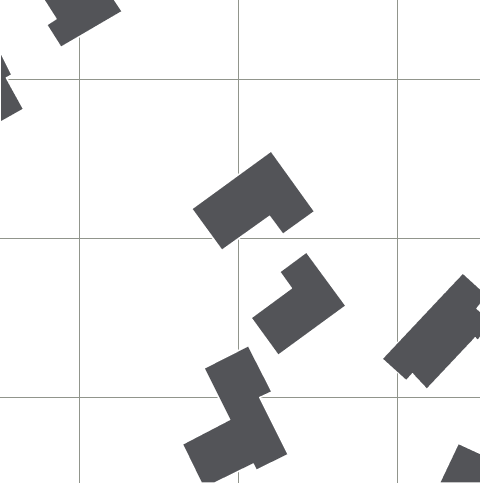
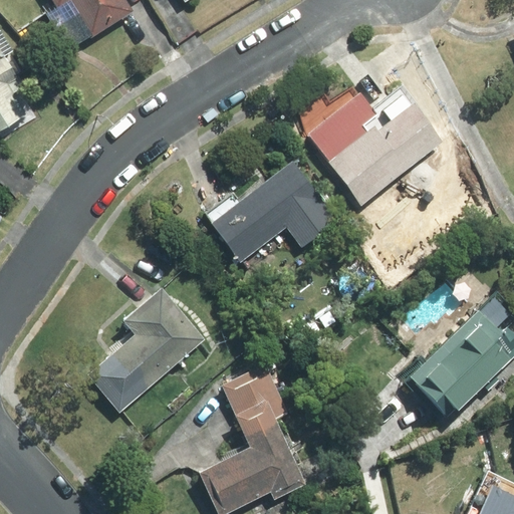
building: none -> [304,89,443,204]
building: [251,252,346,355] -> none
building: none -> [87,287,206,412]

